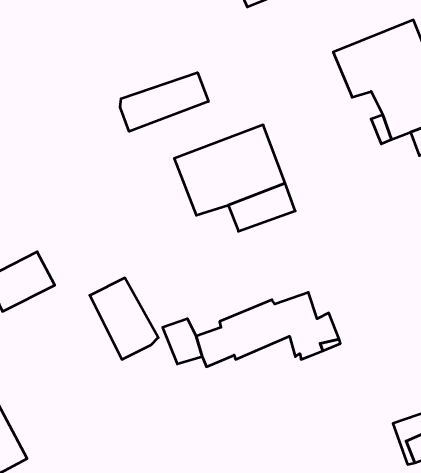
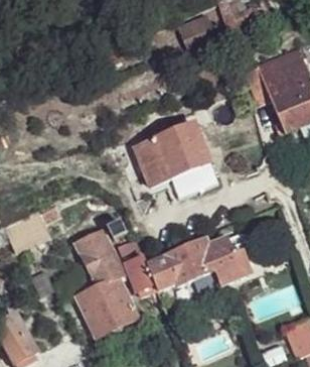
building: [120,73,208,131] -> none
building: none -> [78,274,137,337]

